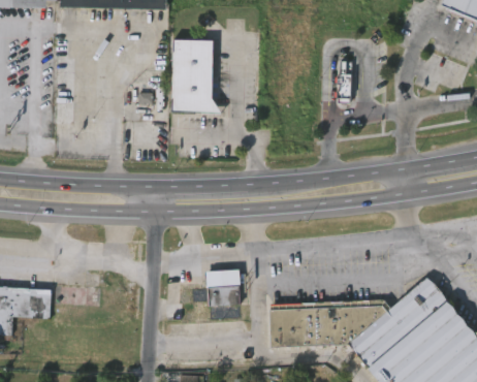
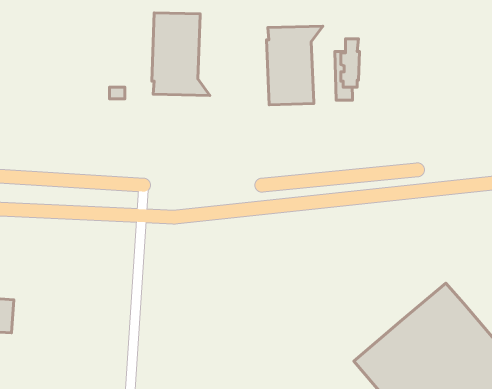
building: none -> [267,26,323,105]
building: [205,269,241,311] -> none
building: [268,298,389,346] -> none

